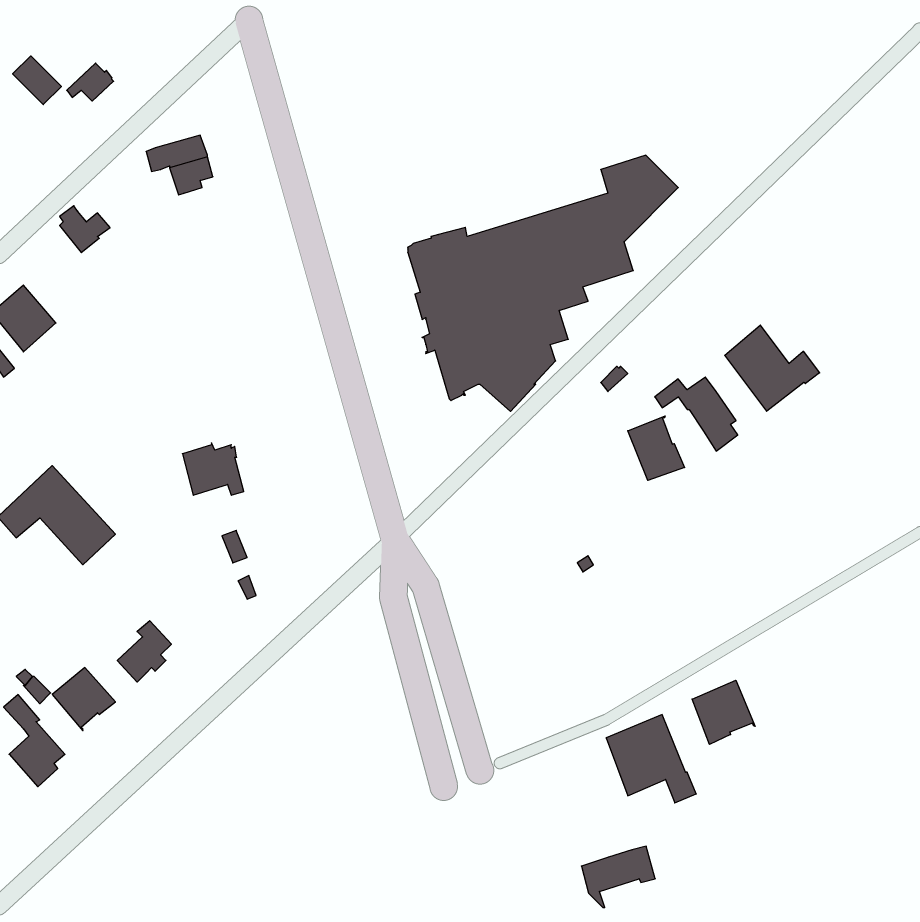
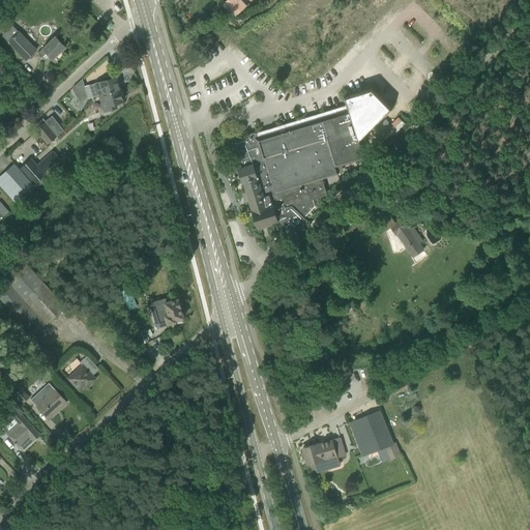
building: none -> [20,157,52,184]
building: [725,325,820,411] -> none
building: [628,416,685,480] -> none
building: [182,443,244,495] -> [150,297,185,327]
building: [692,680,755,744] -> none
building: [581,846,655,908] -> [302,437,345,472]

